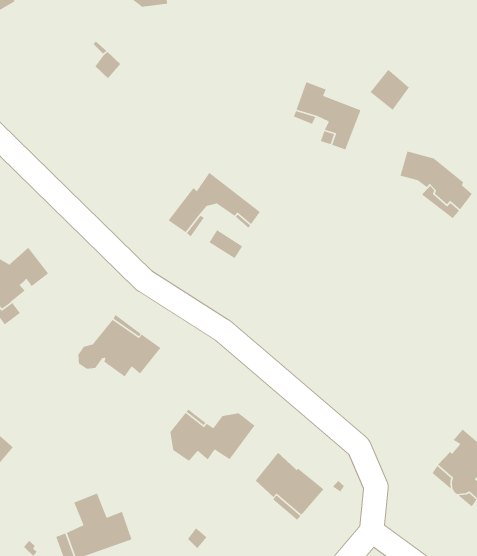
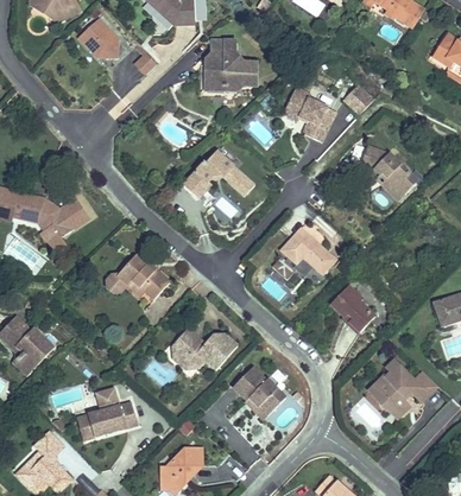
building: none -> [78,18,116,57]
building: none -> [206,39,255,89]
building: none -> [271,228,335,279]
building: none -> [329,285,374,331]

